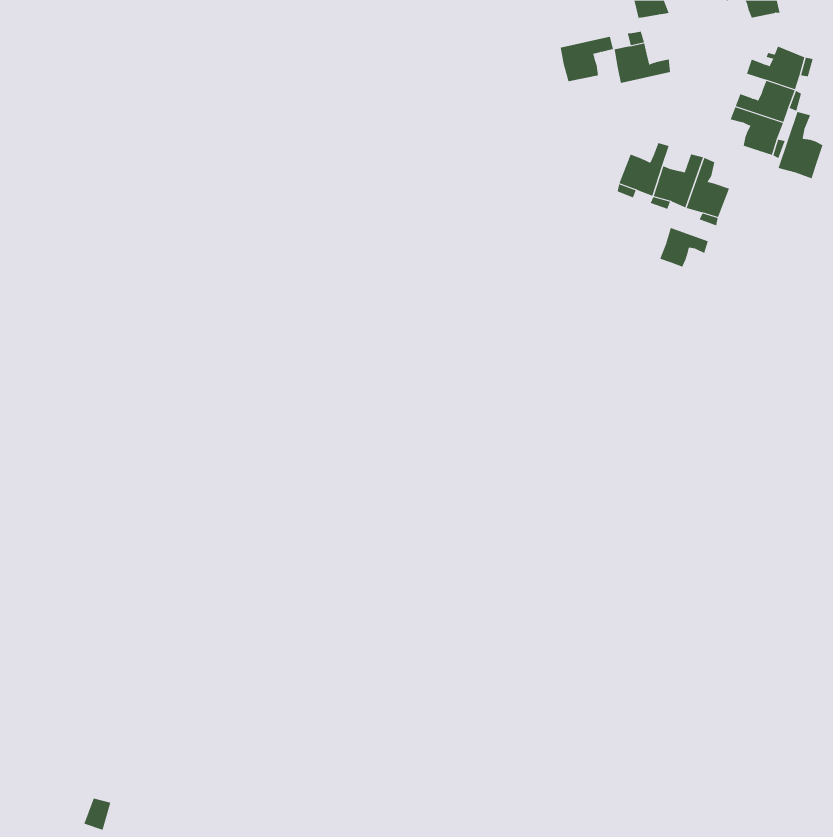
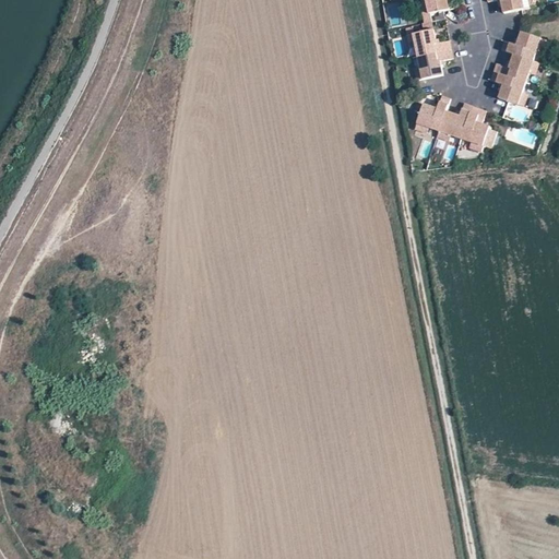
building: [560,36,614,82] -> [416,48,452,79]
building: [778,111,823,179] -> none
building: [660,227,709,267] -> none

